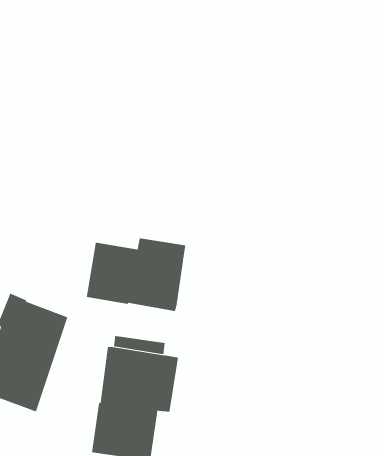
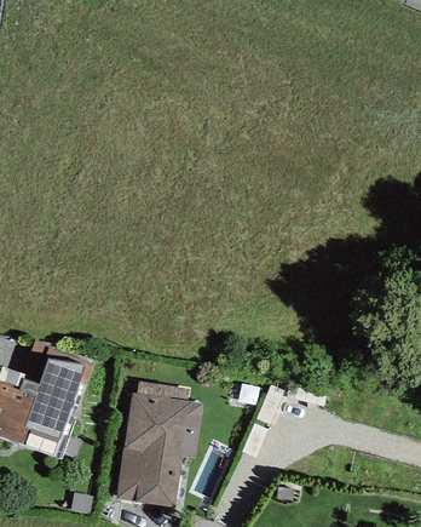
building: [86,238,186,312] -> none

